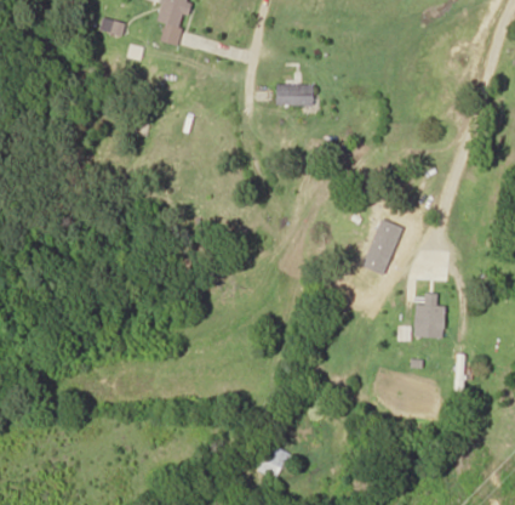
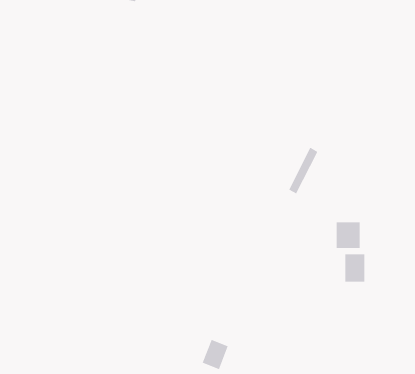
building: [276,85,314,107] -> none
building: none -> [345,253,365,282]

